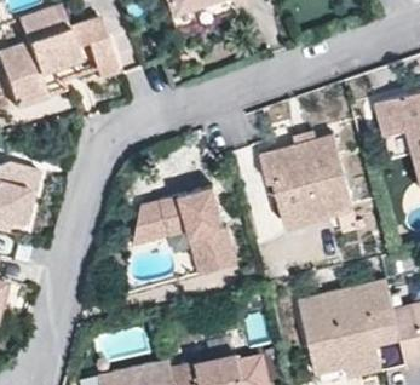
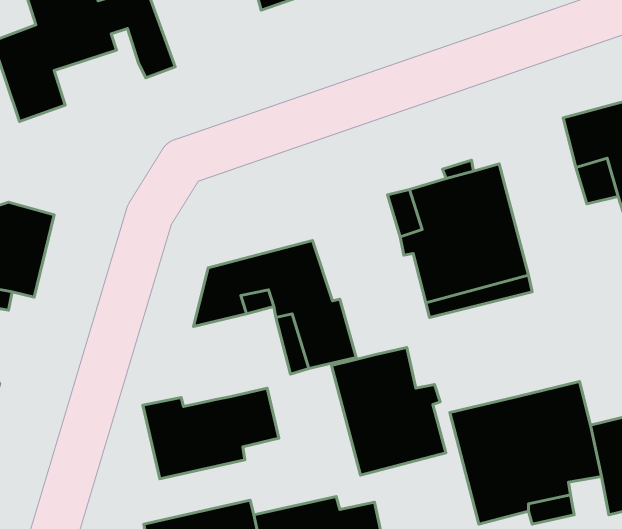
building: none -> [331,347,446,475]
building: none -> [143,388,279,479]

